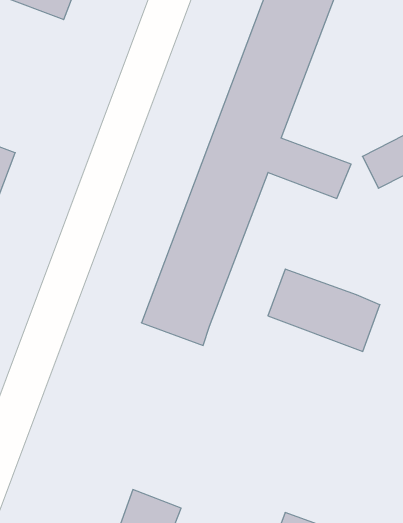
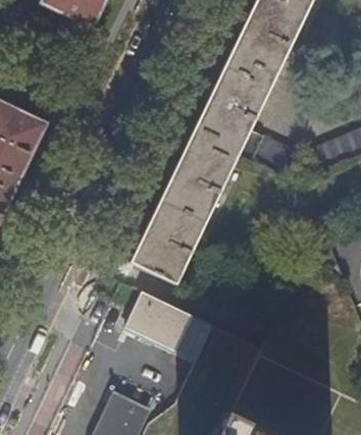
building: [268,269,380,351] -> [126,290,213,359]

